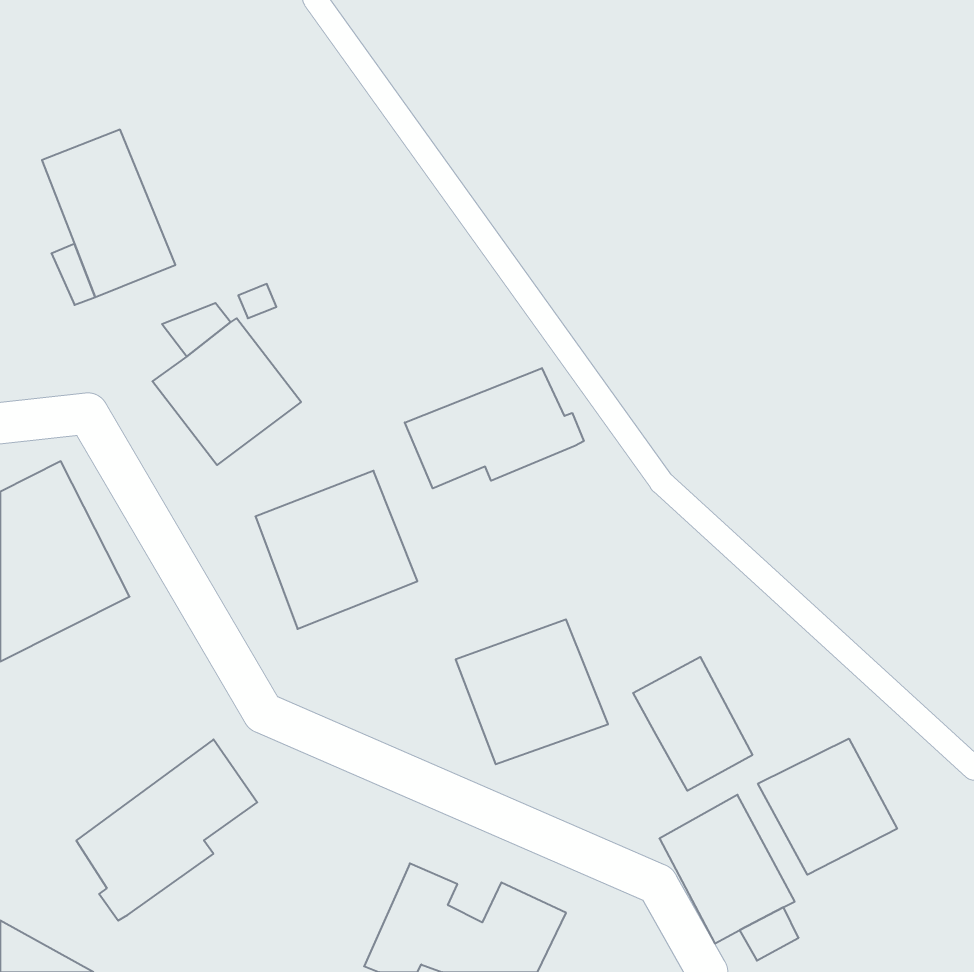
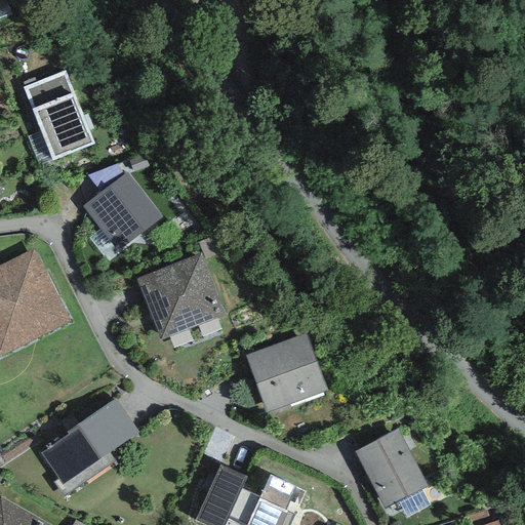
building: [405,368,584,488] -> none
building: [633,657,752,791] -> none
building: [758,739,897,875] -> none

